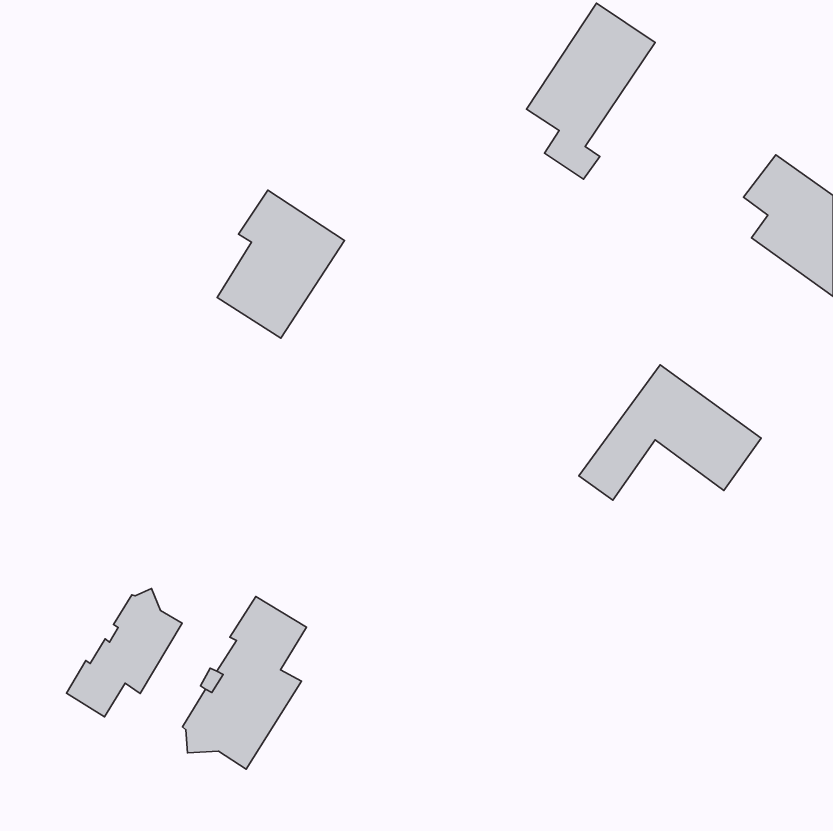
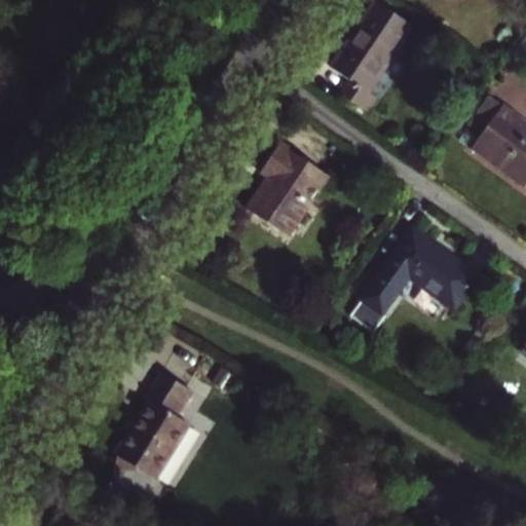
building: [217,190,344,338] -> [251,144,331,237]
building: [66,589,182,717] -> none

